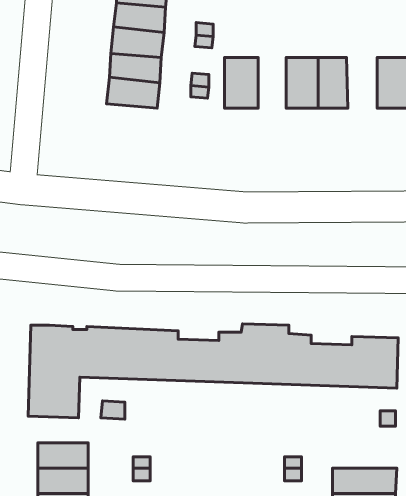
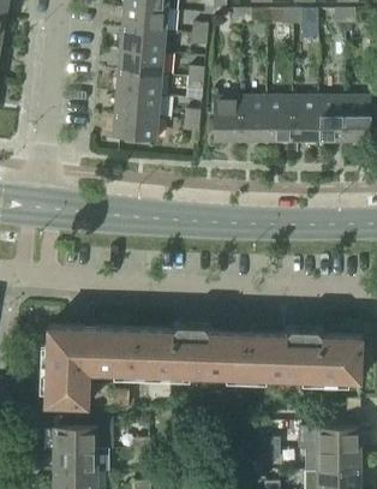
building: none -> [243,96,267,139]
building: none -> [318,96,345,139]
building: none -> [318,427,361,448]

